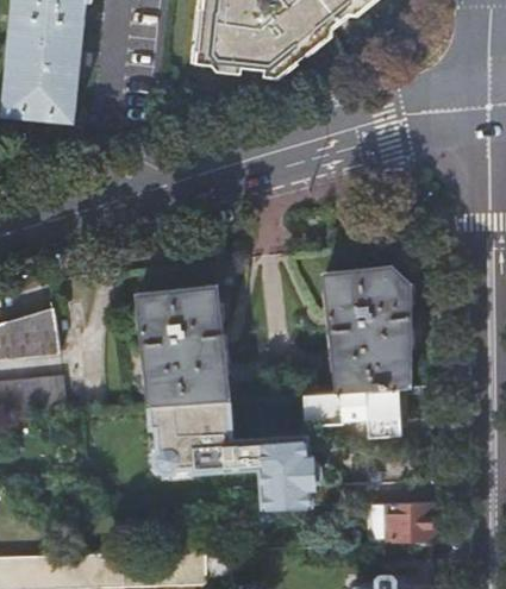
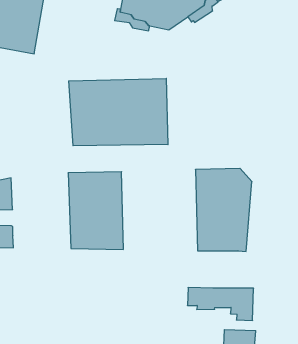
building: none -> [69,78,168,146]
building: [300,387,399,436] -> [187,288,254,320]
building: [150,399,339,508] -> none

